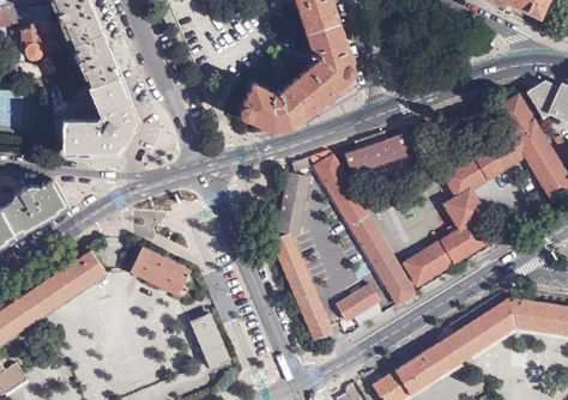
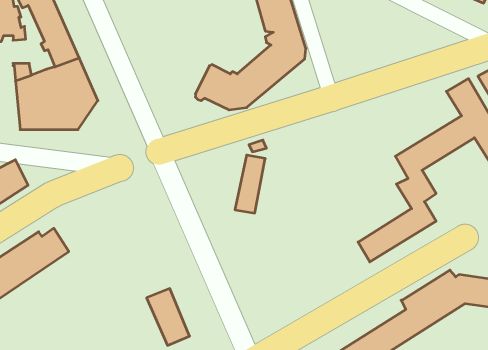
building: [344,133,406,176] -> none
building: [309,151,415,305] -> none
building: [273,235,336,347] -> none
building: [129,247,191,297] -> none
building: [337,284,380,321] -> none

